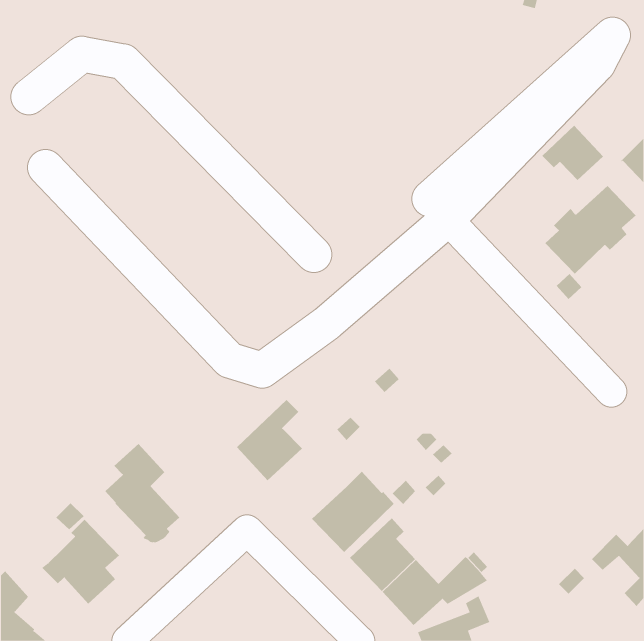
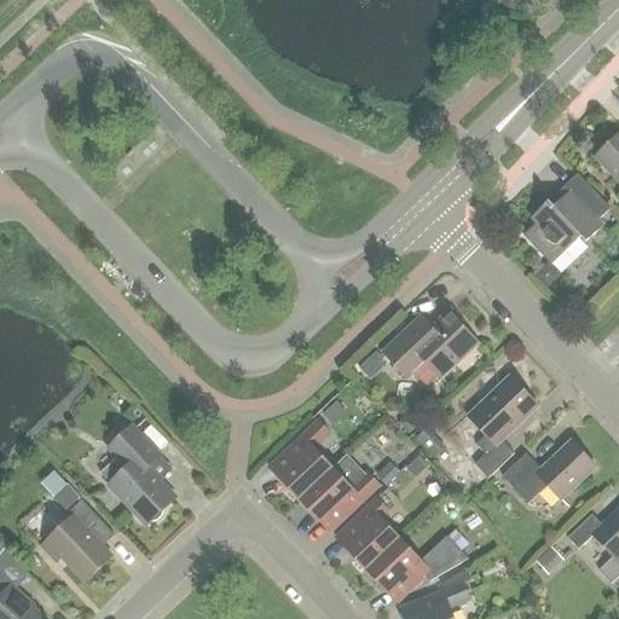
building: [542,125,604,181] -> none
building: none -> [382,312,481,386]
building: none -> [467,375,538,478]
building: [236,399,303,481] -> [268,420,332,498]
building: none -> [502,439,596,503]

